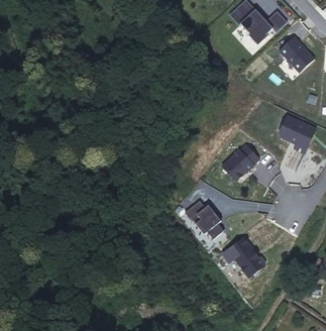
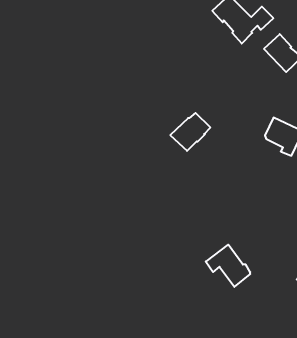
building: [222,144,260,181] -> [170,113,210,151]
building: [185,200,224,239] -> none

